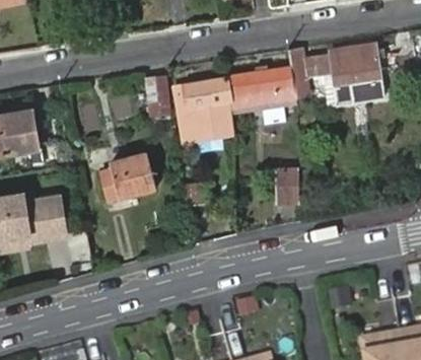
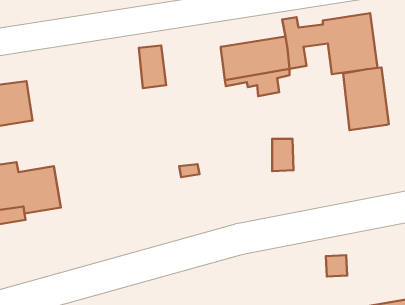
building: [174,78,231,143] -> none
building: none -> [343,68,389,130]
building: [99,154,156,199] -> none

